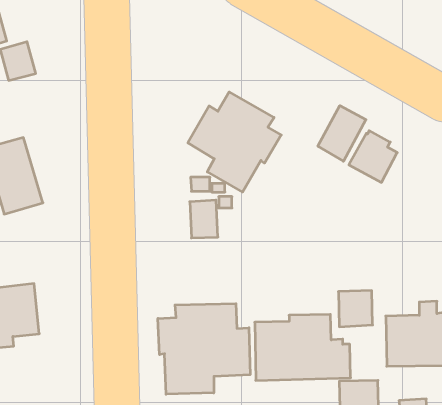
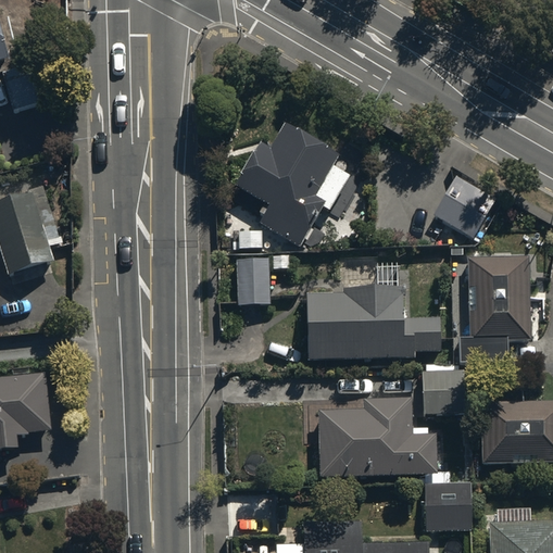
building: [318,106,366,161] -> none
building: none -> [456,254,531,364]
building: none -> [306,263,440,363]
building: [158,304,250,394] -> none

